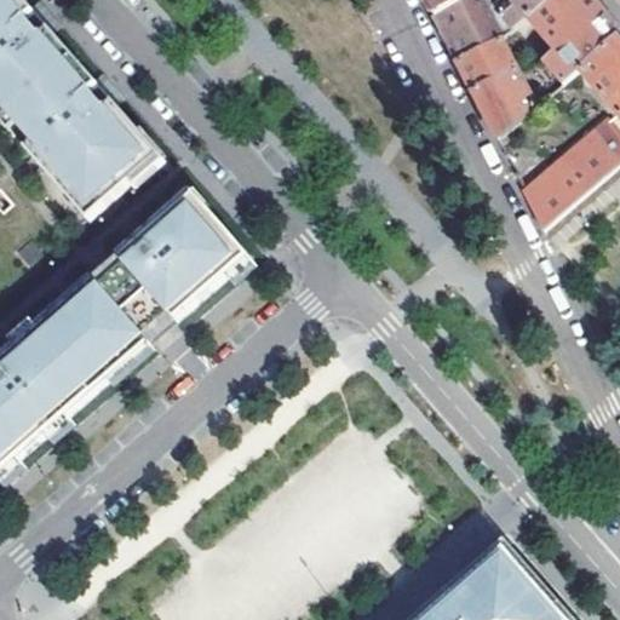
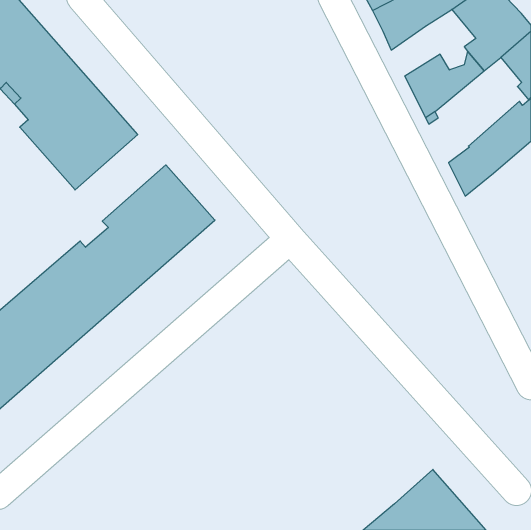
building: [454,30,511,88] -> none

